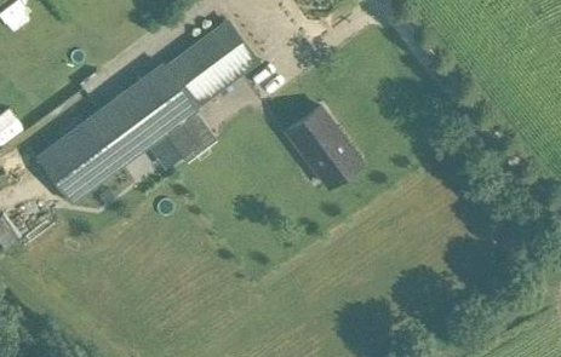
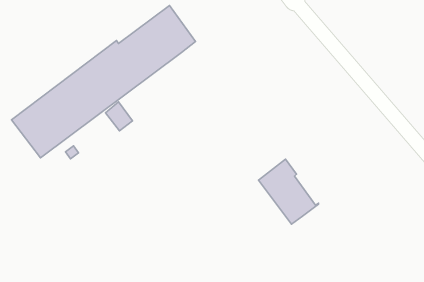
building: [288,106,361,185] -> [259,159,319,224]
building: [165,111,216,160] -> none

